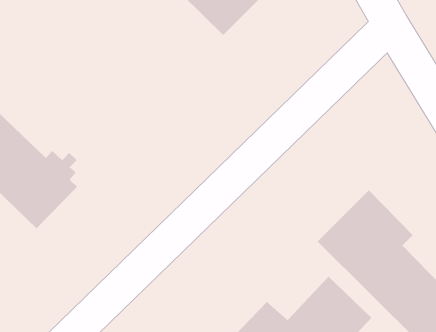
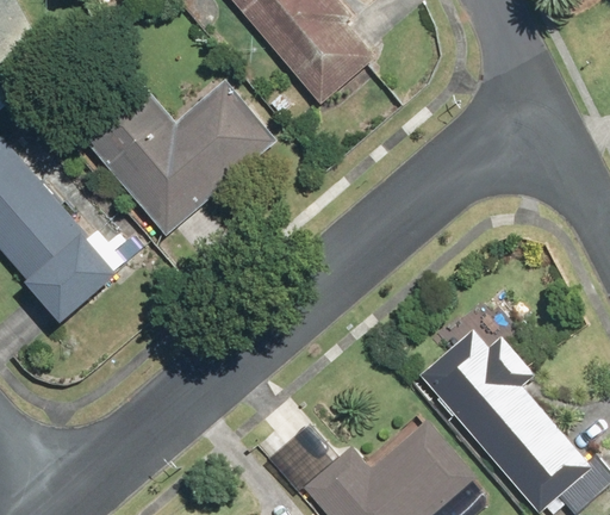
building: none -> [79,77,278,240]

